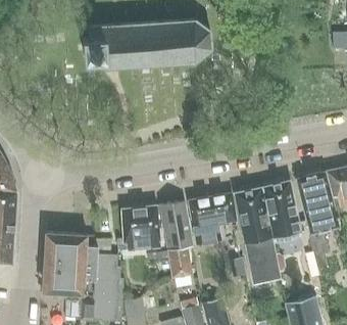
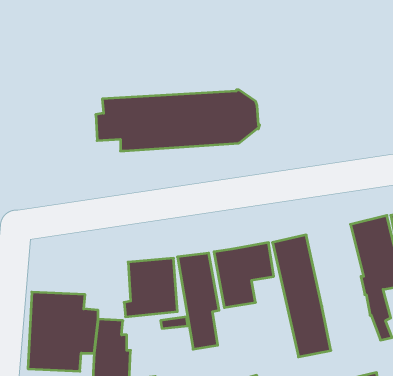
building: [84,19,212,67] -> [96,90,260,151]
building: [261,180,302,243] -> none

